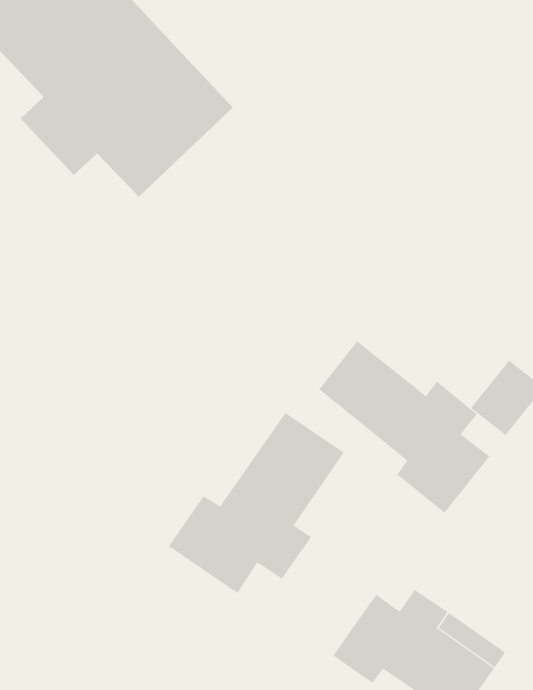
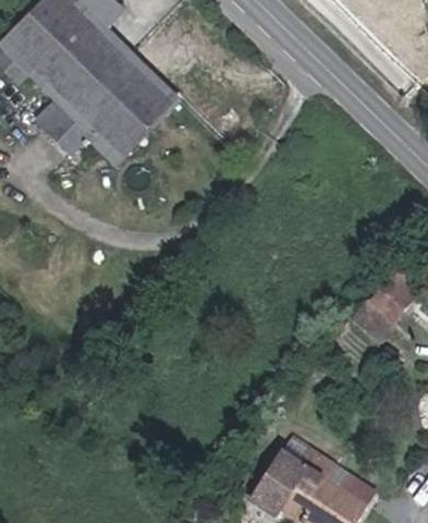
building: [318,340,490,514] -> none
building: [168,412,345,594] -> none

